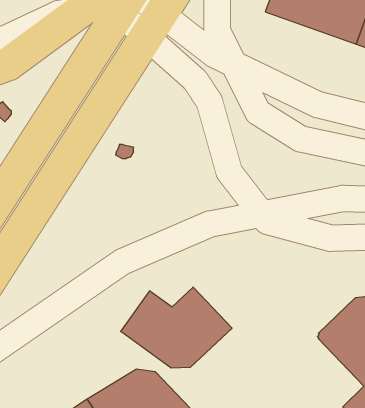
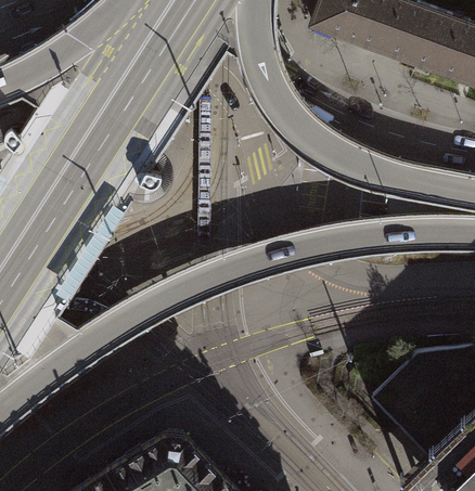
building: [121,287,232,368] -> none

